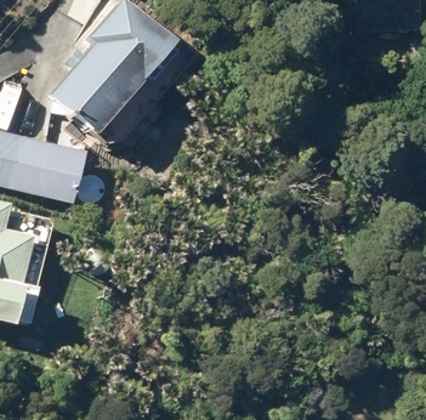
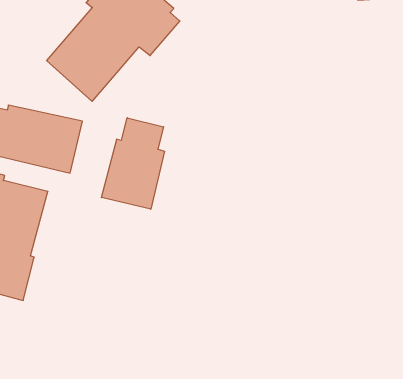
building: none -> [101,118,165,209]

